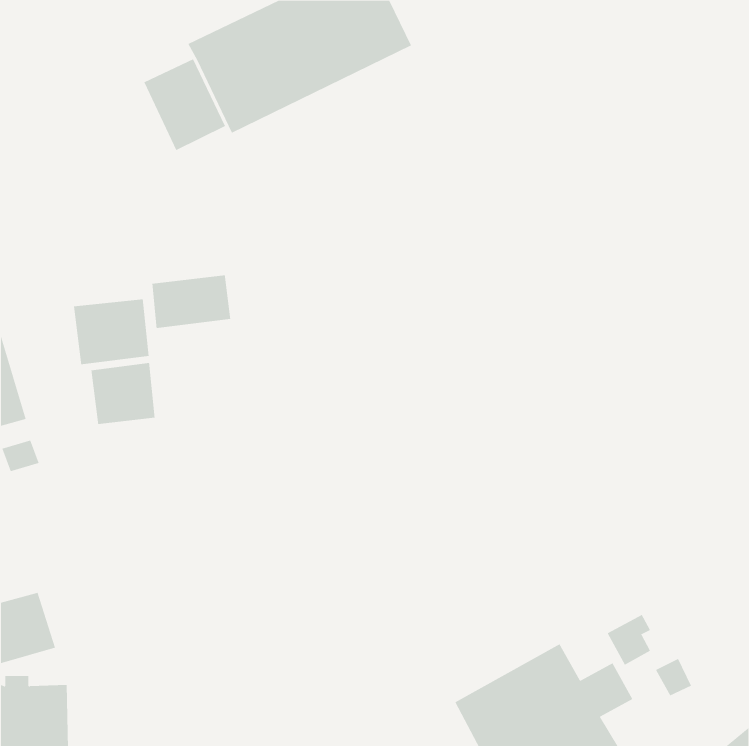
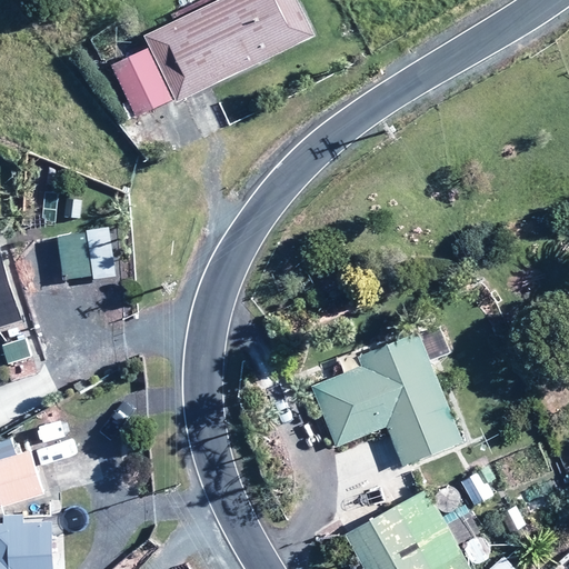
building: [152,274,231,329] -> none
building: [91,362,155,425] -> none
building: none -> [310,331,460,465]

